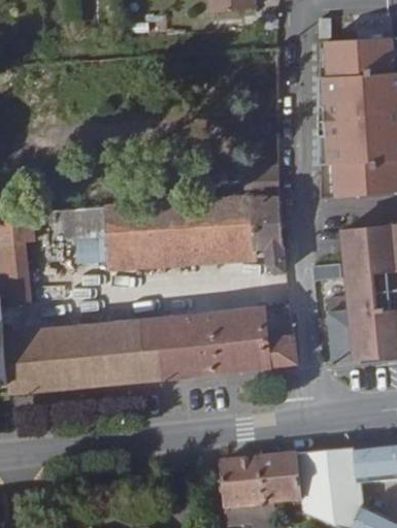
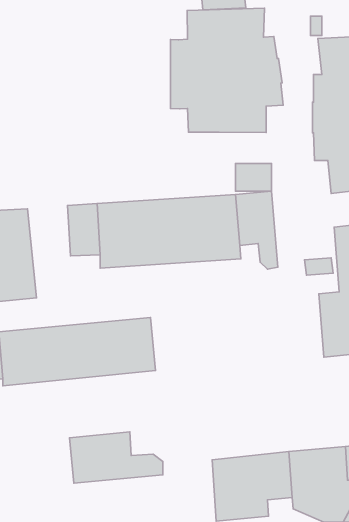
building: none -> [171,8,283,132]
building: [158,308,297,376] -> none
building: none -> [70,432,163,483]

